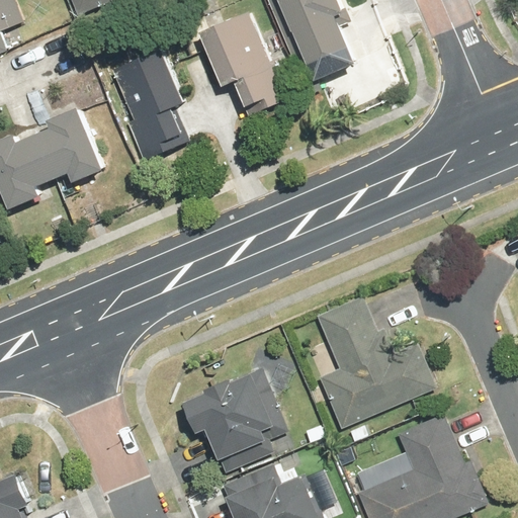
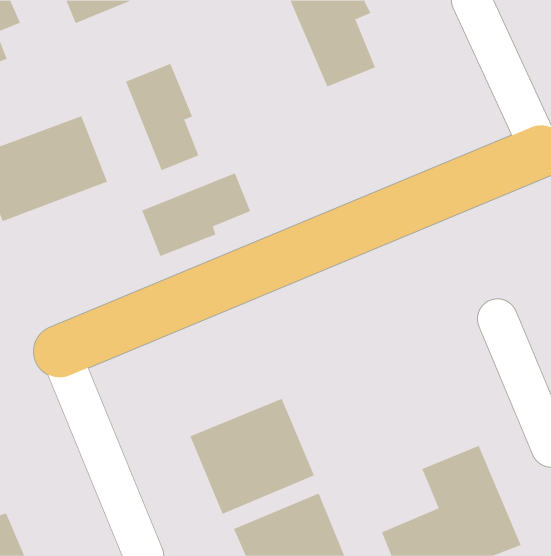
building: [193,13,289,121] -> none
building: none -> [141,173,251,257]
building: [318,294,438,426] -> none

